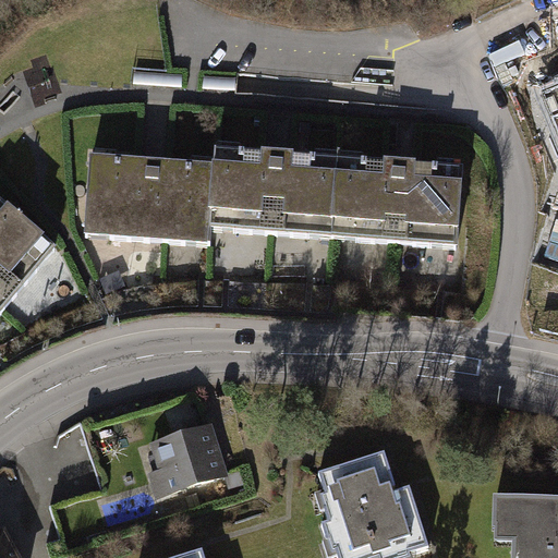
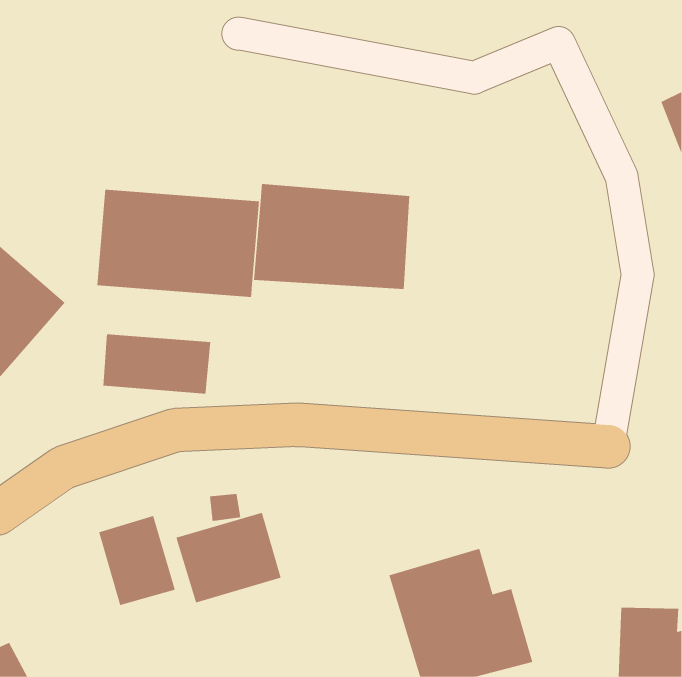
building: [329,159,462,248] -> none
building: none -> [103,333,211,394]
building: none -> [99,515,175,606]

